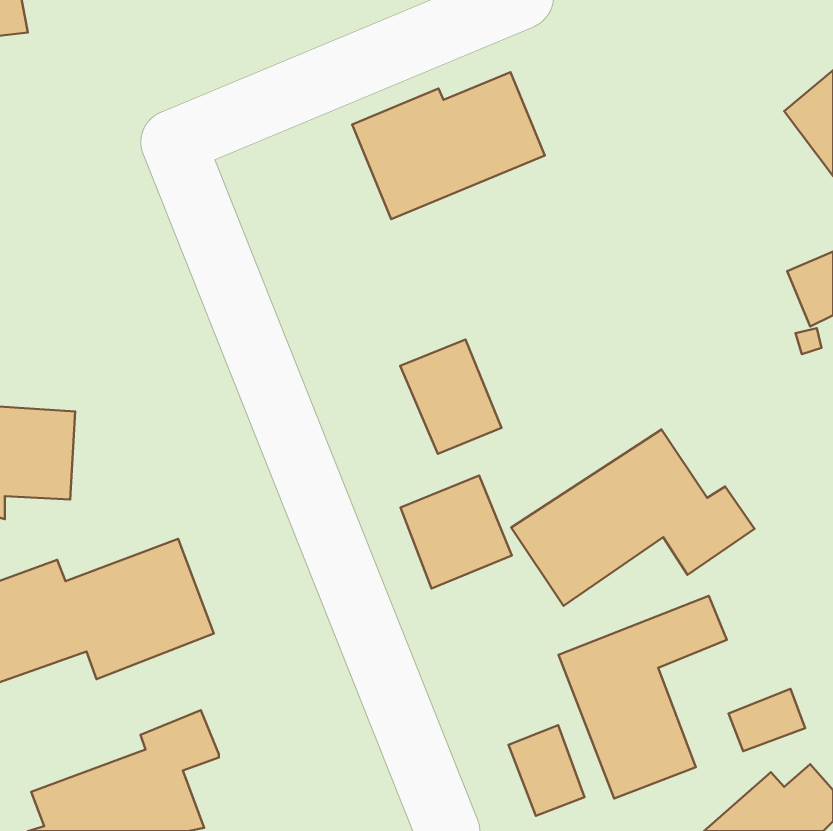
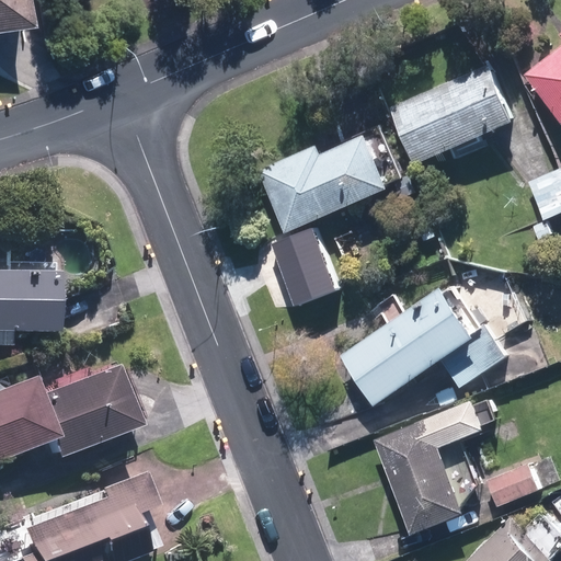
building: [352,72,545,219] -> [256,133,386,231]
building: none -> [392,65,515,164]
building: [401,476,512,588] -> none
building: [508,725,585,816] -> none

